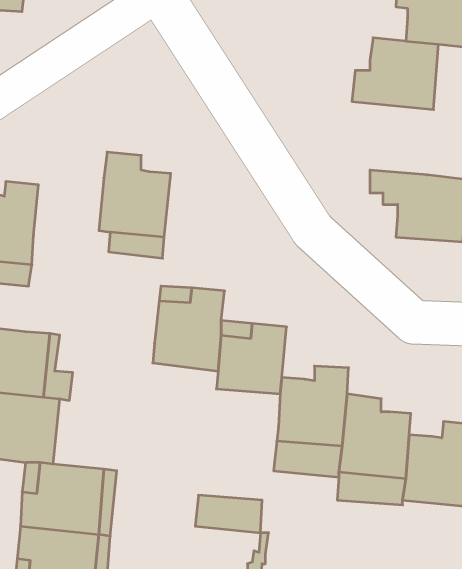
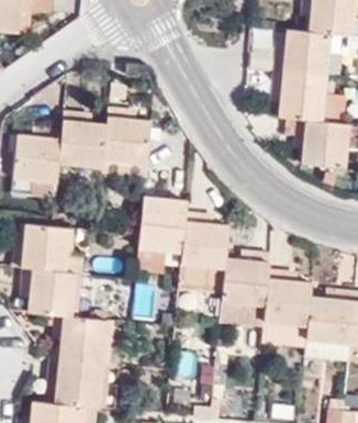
building: none -> [271,74,328,123]
building: none -> [59,110,107,168]
building: [195,495,262,533] -> [180,267,225,292]

